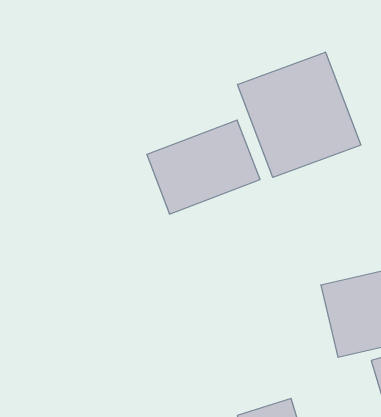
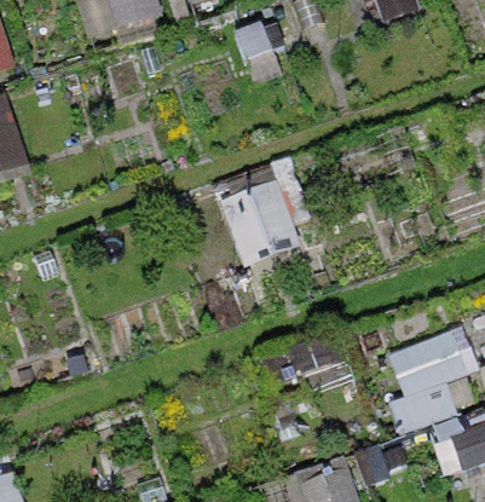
building: [238,52,361,177] -> none

